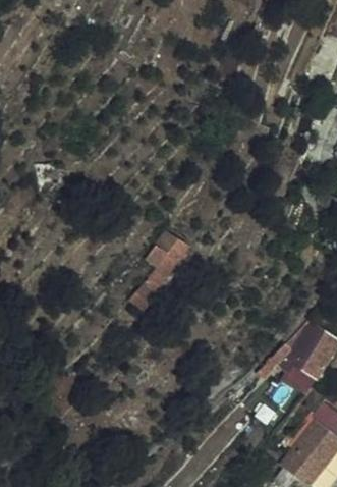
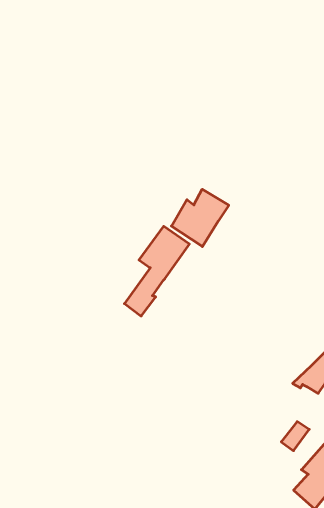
building: none -> [171,189,229,247]

